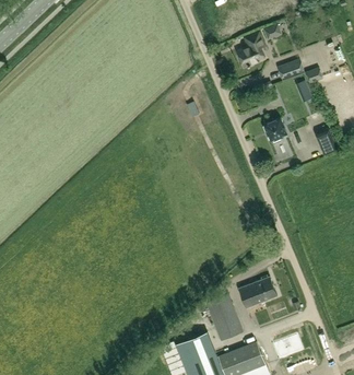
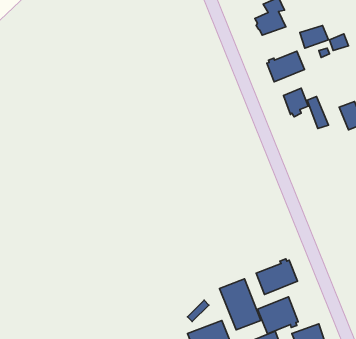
building: none -> [267,51,305,82]
building: none -> [258,297,298,334]

